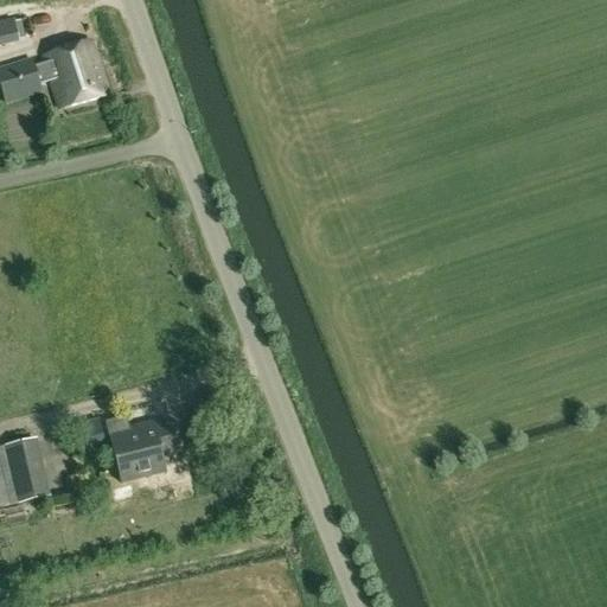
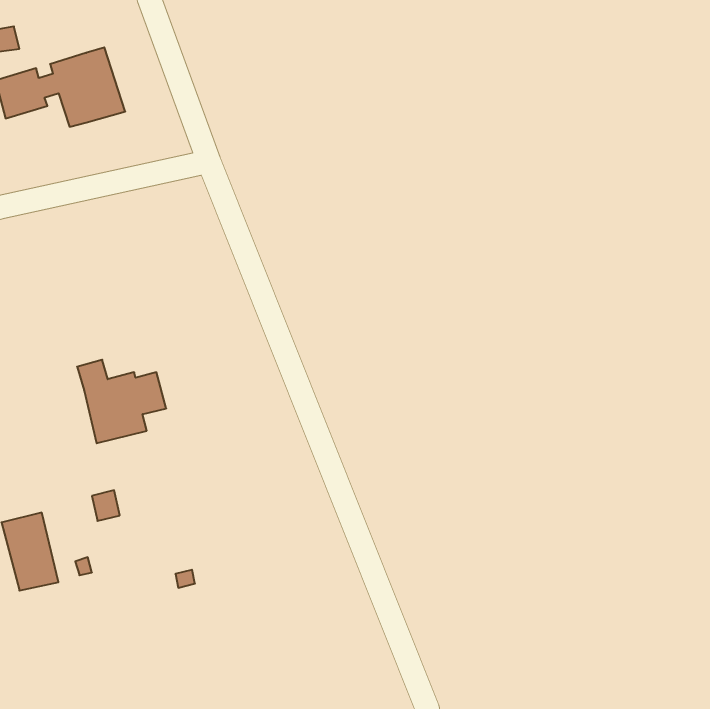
building: [103,410,179,481] -> [77,360,166,443]

